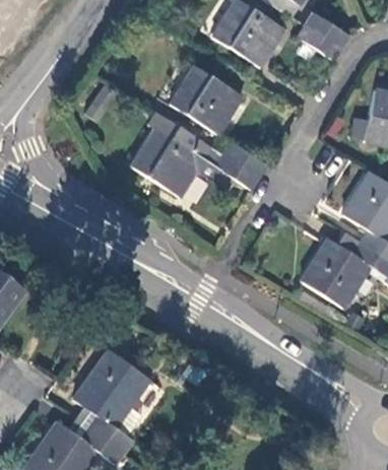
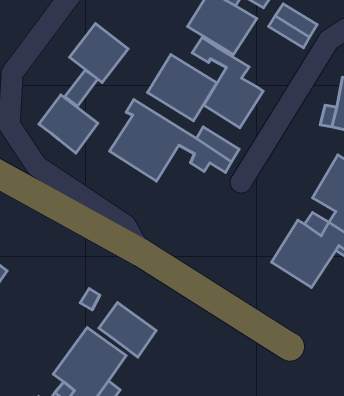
building: none -> [70,24,128,82]
building: none -> [192,38,263,128]
building: none -> [39,95,98,153]
building: none -> [99,302,156,357]

